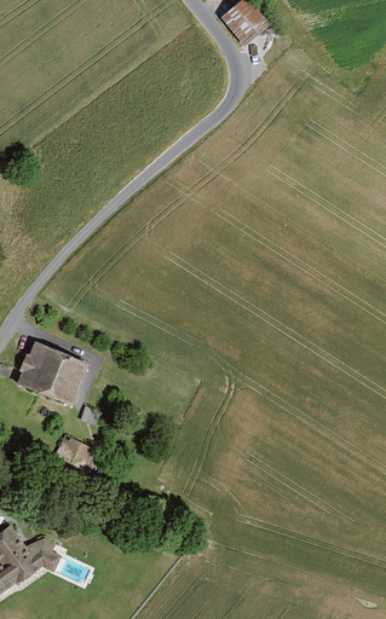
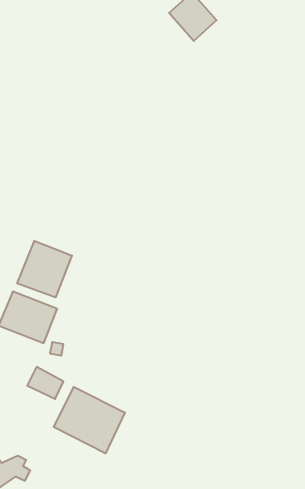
building: none -> [17,241,72,297]
building: none -> [54,387,125,453]

